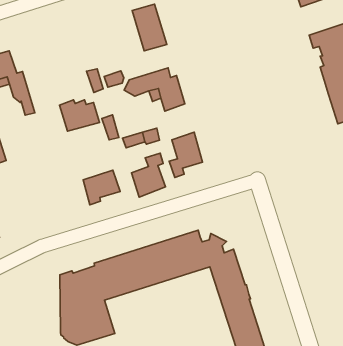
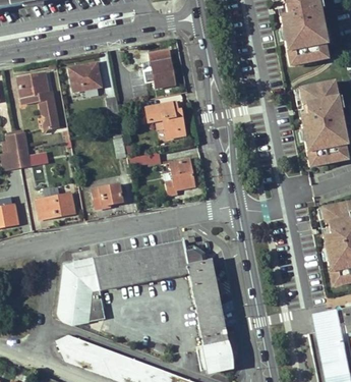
building: [59,100,99,131] -> [70,65,102,91]
building: [131,153,165,197] -> none
building: none -> [38,194,76,219]

